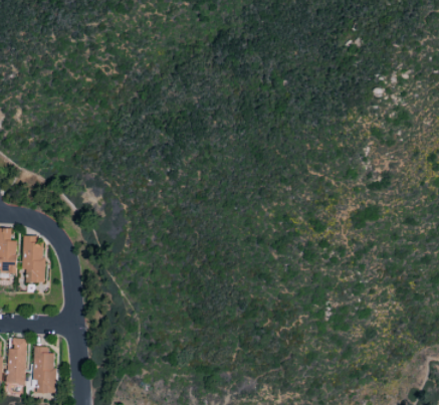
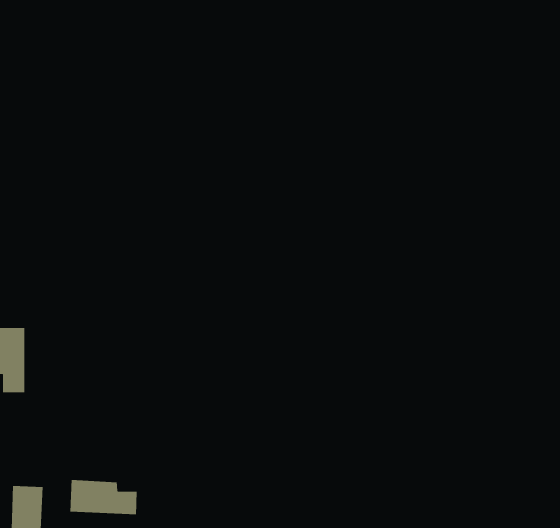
building: none -> [70,479,137,515]

